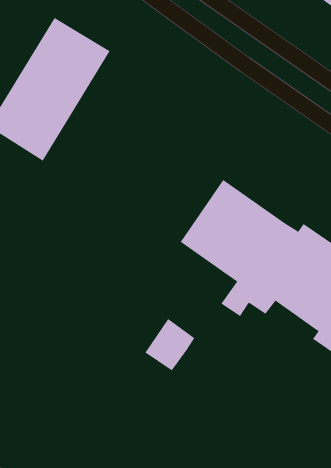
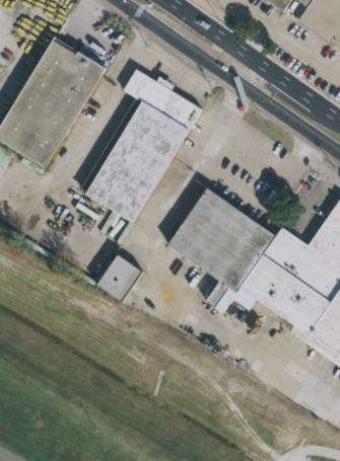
building: none -> [78,69,203,223]
building: [145,318,195,371] -> [95,254,142,303]

